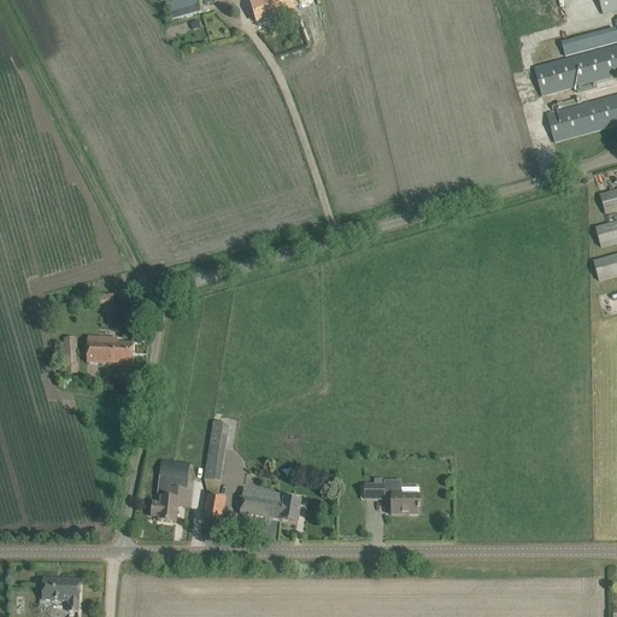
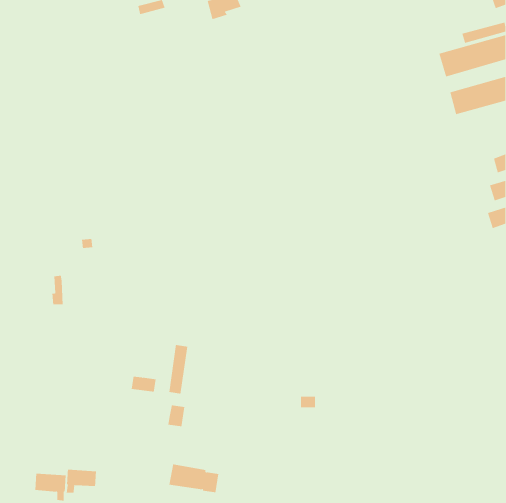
building: [87,335,133,362] -> none
building: [151,484,187,521] -> none
building: [392,484,419,512] -> none
building: [240,486,301,521] -> [169,464,219,493]
building: none -> [66,469,97,493]

